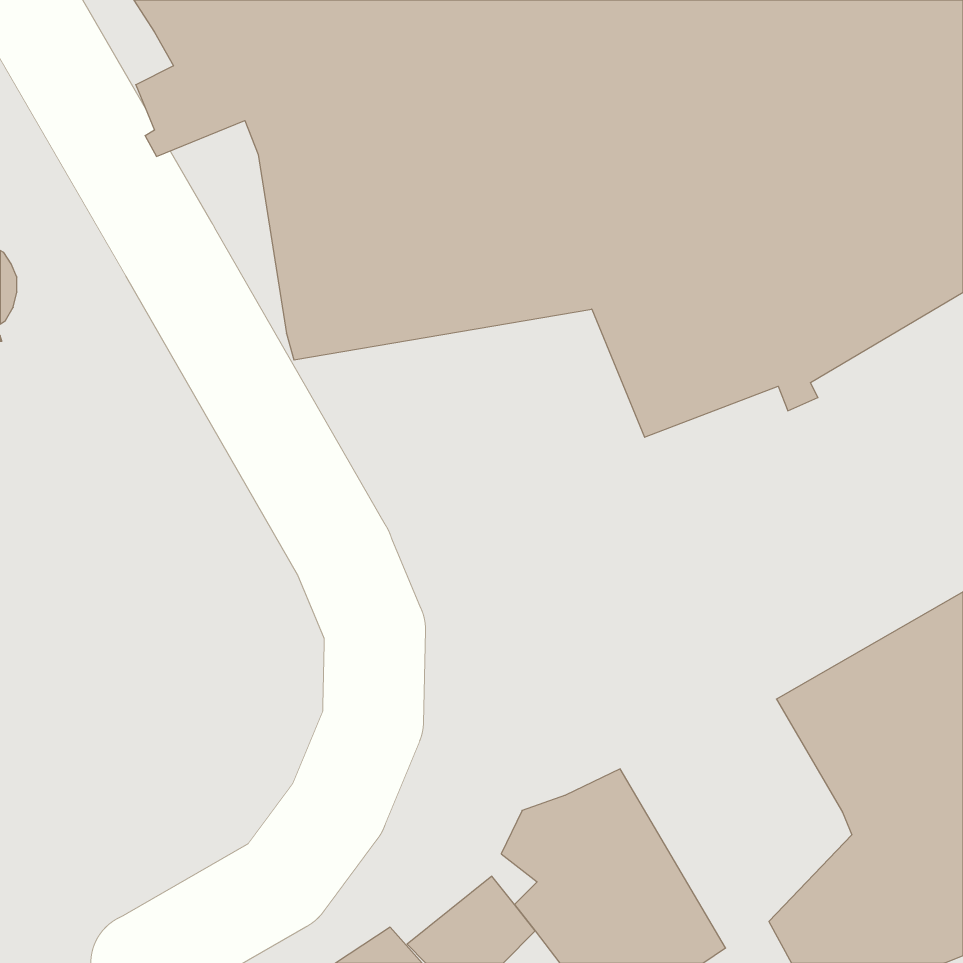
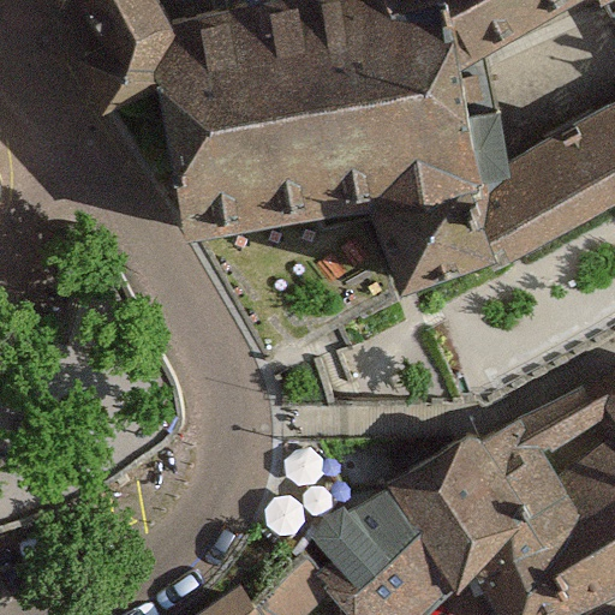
building: none -> [395,446,543,604]

